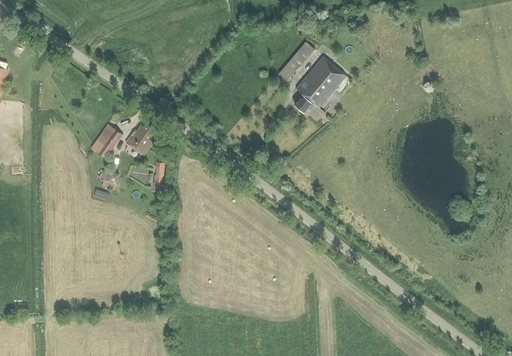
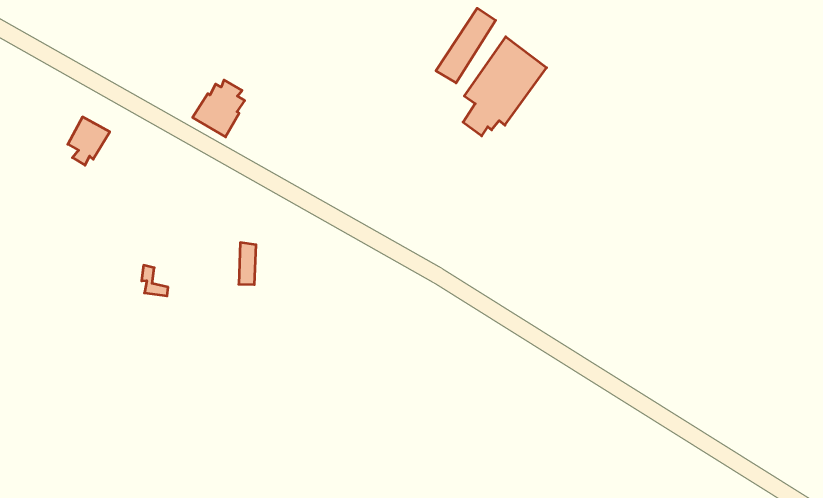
building: [125,122,156,155] -> [193,80,245,137]
building: [96,124,121,152] -> [68,117,110,165]

